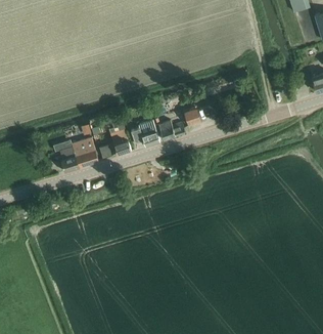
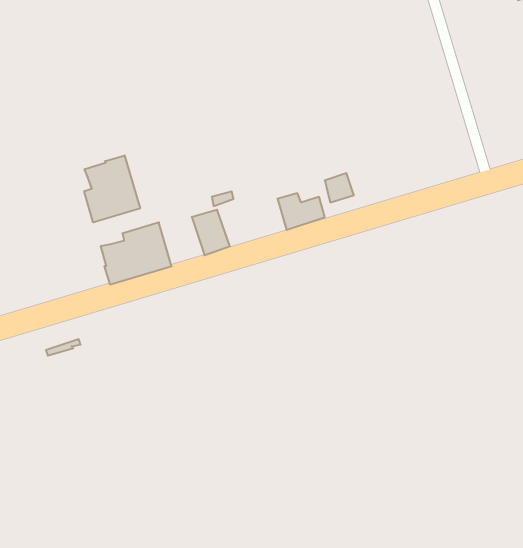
building: none -> [84,155,140,222]
building: [131,119,158,143] -> none

